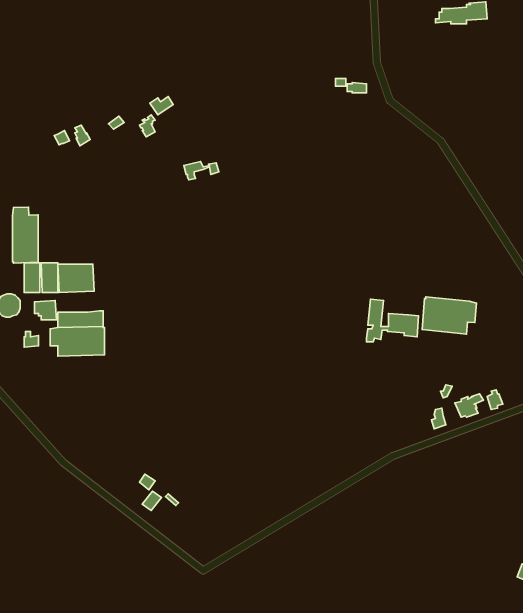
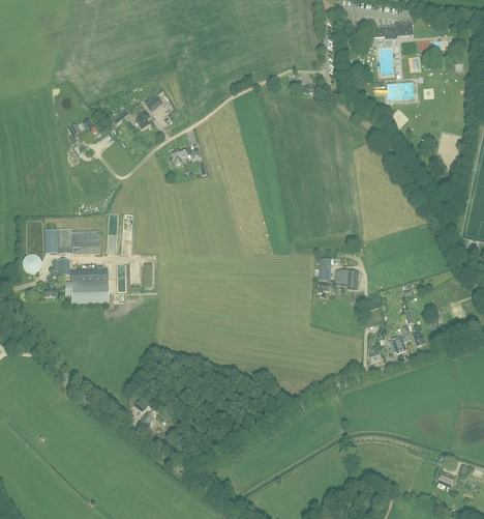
building: [12,207,38,263] -> none
building: [422,297,476,334] -> none

